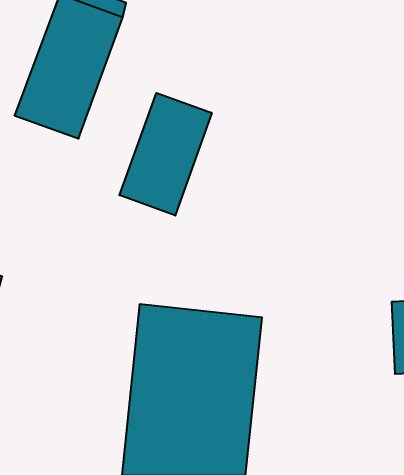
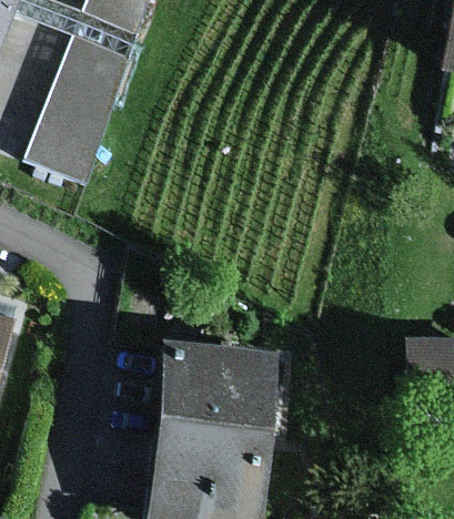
building: [119,93,212,216] -> none

